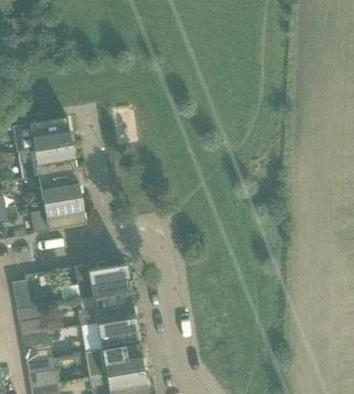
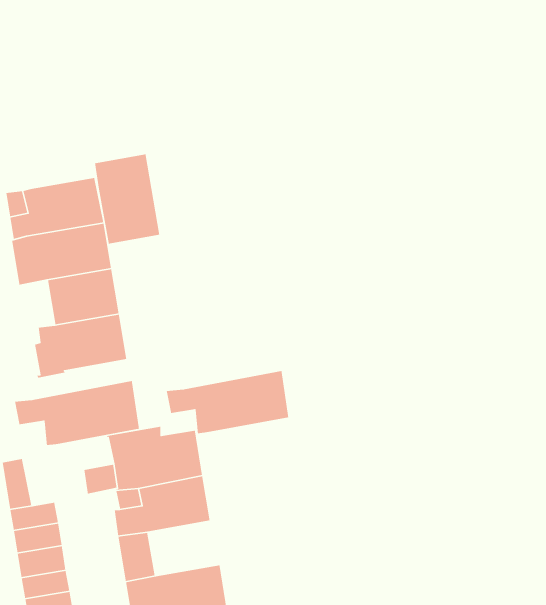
building: none -> [94,153,160,245]
building: none -> [166,370,289,434]
building: none -> [14,380,140,446]
building: [97,317,139,349] -> none

